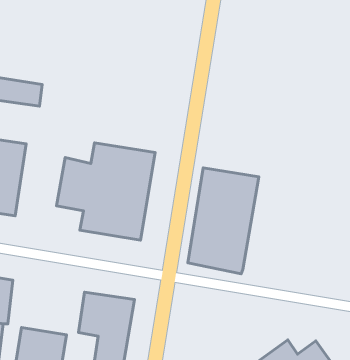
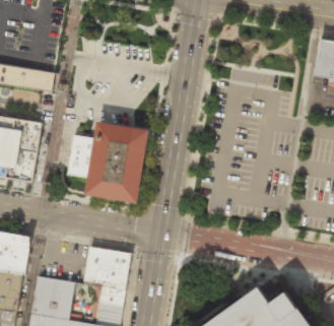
building: [188,168,259,274] -> none

